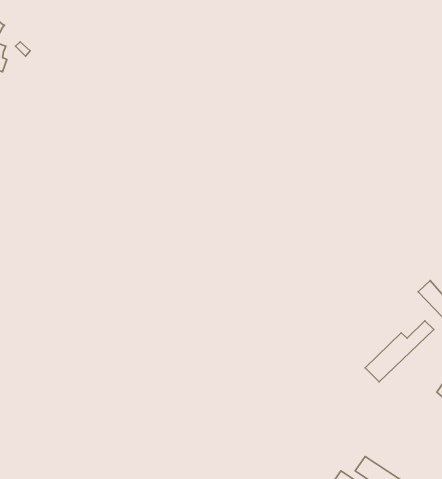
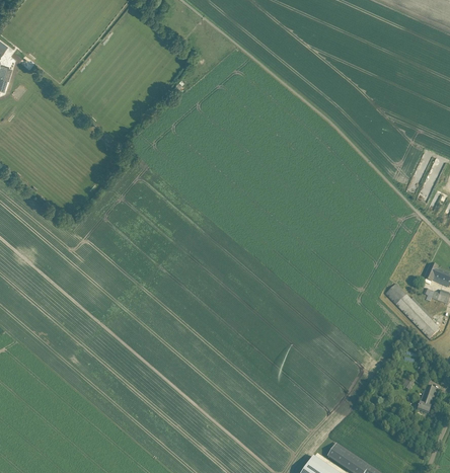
building: [365,321,434,382] -> none

